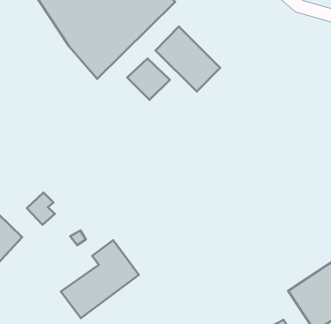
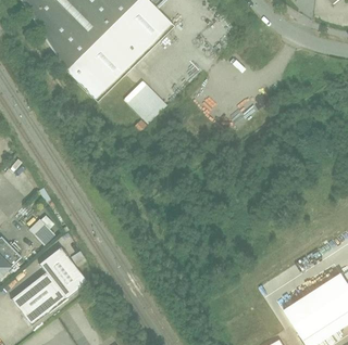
building: [156,27,220,92] -> none
building: [61,240,139,318] -> [10,247,86,323]

